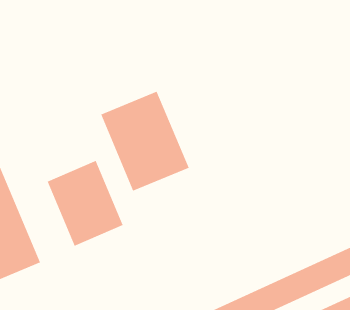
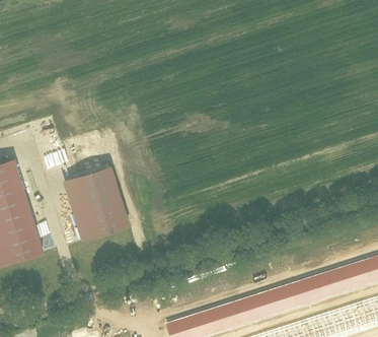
building: [100,91,189,191] -> none

